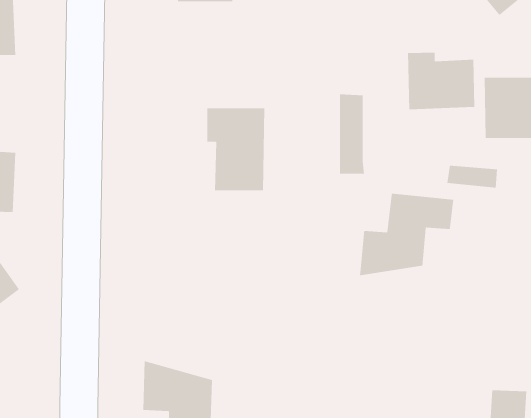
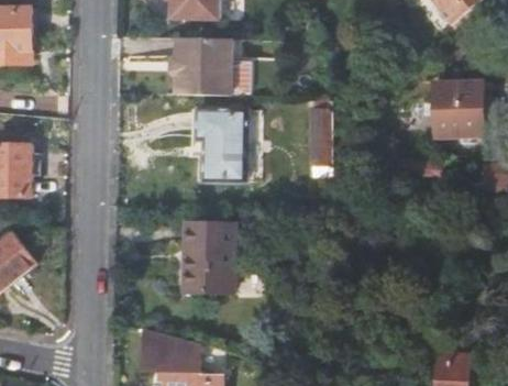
building: none -> [169,36,228,96]
building: [407,52,475,110] -> none
building: [359,193,454,276] -> none
building: none -> [184,222,234,294]

